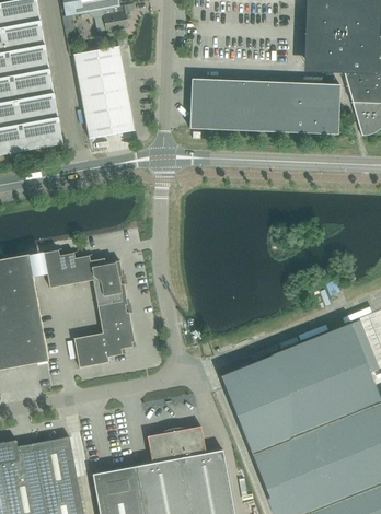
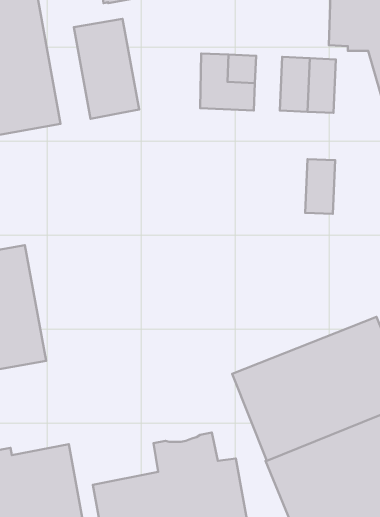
building: [239,81,265,131] -> none
building: [312,84,339,135] -> [305,159,335,214]
building: [43,250,134,367] -> none

